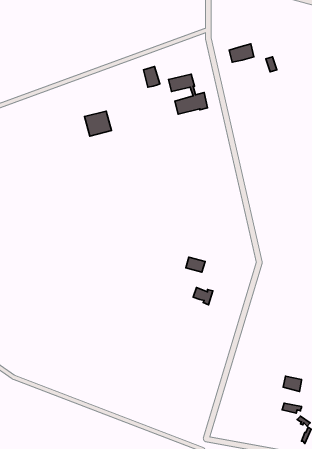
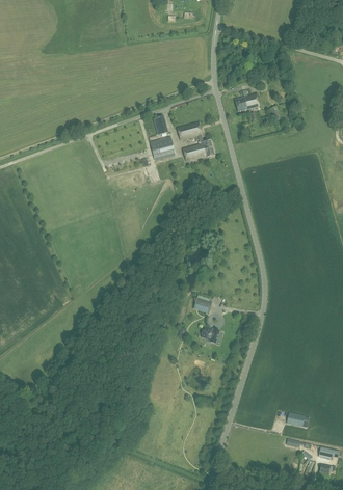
building: [84,111,111,136] -> [150,136,176,160]

